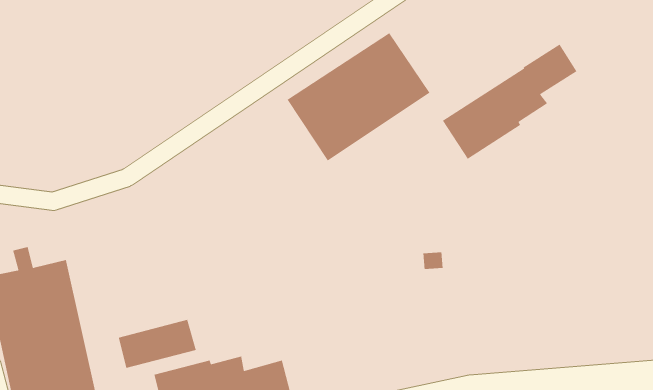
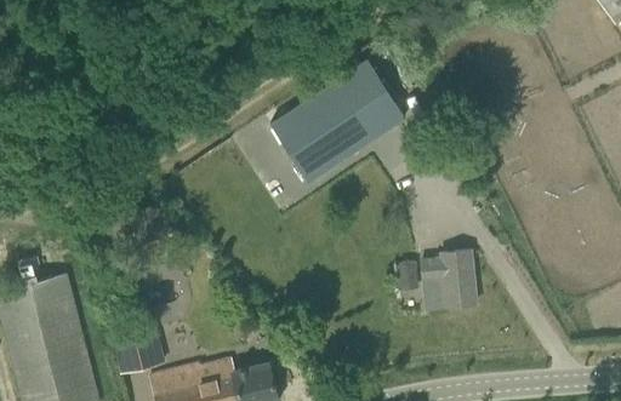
building: [442,43,578,160] -> none
building: none -> [421,250,475,310]

